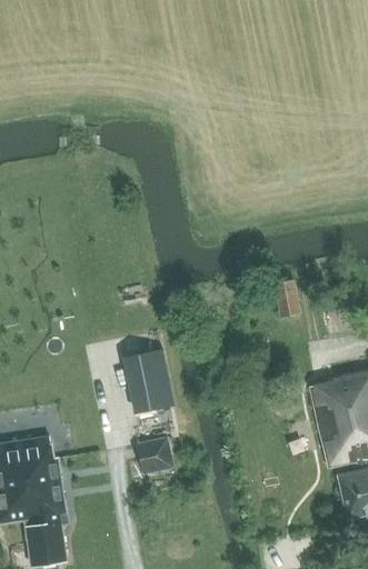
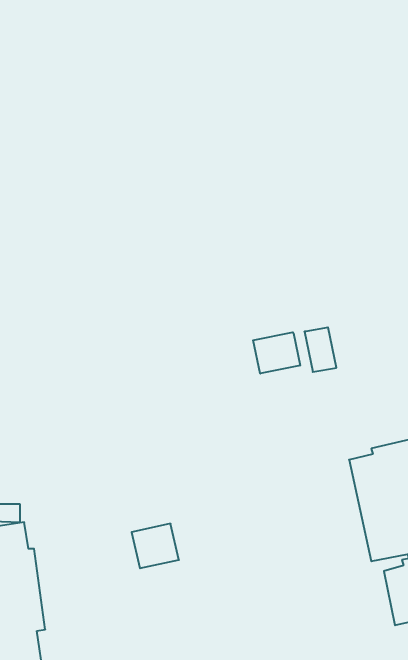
building: none -> [253,332,300,374]
building: [122,350,169,413] -> none

